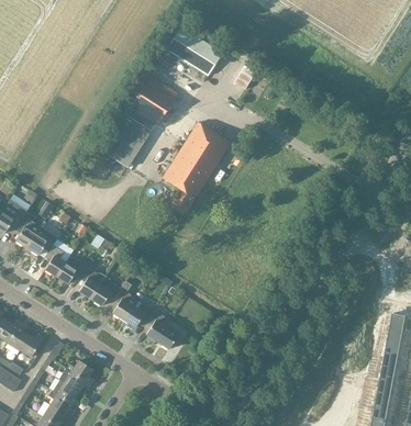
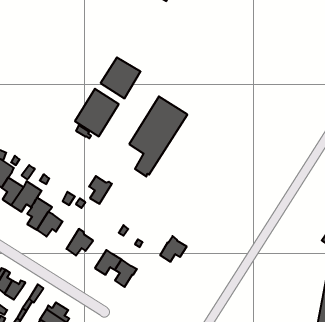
building: [167,26,223,77] -> none
building: [78,267,104,299] -> [89,176,112,204]
building: [112,281,136,321] -> none
building: [157,321,188,350] -> [160,236,187,262]

